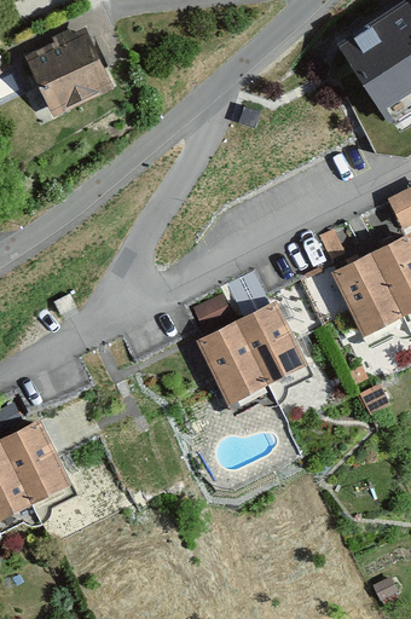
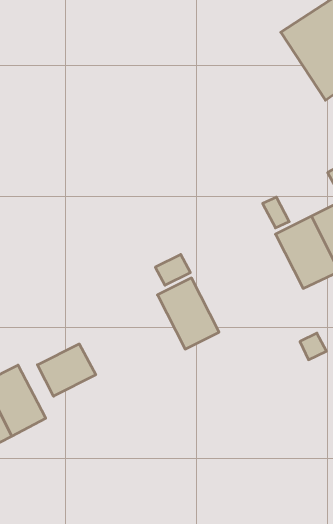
building: [28,34,110,115] -> none
building: [236,302,306,384] -> none
building: none -> [37,344,96,396]

